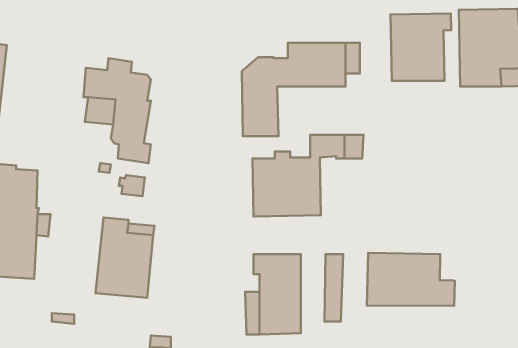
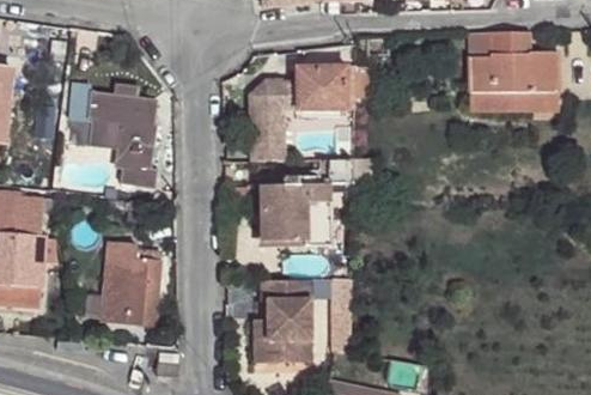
building: [390,13,451,81] -> none
building: [367,253,455,306] -> none

